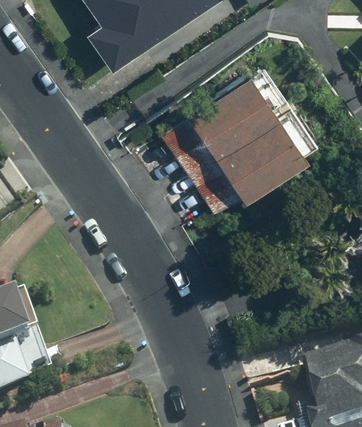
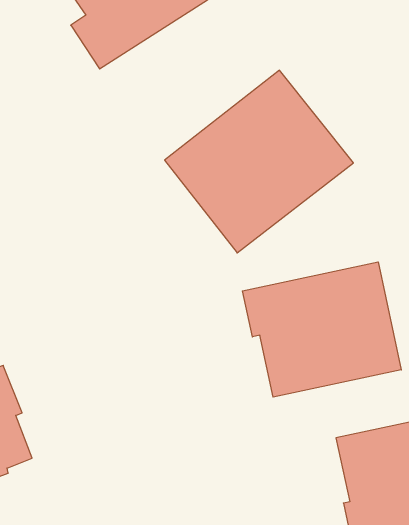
building: none -> [242,262,401,397]

